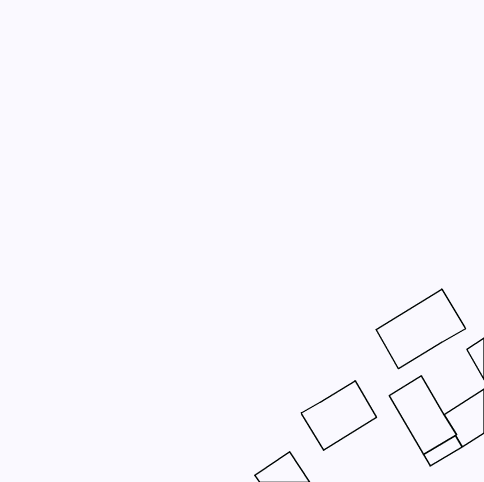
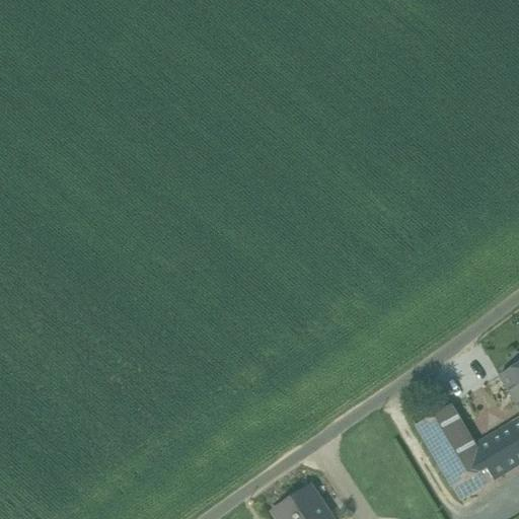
building: [376,289,465,369] -> none
building: [301,381,376,450] -> none

